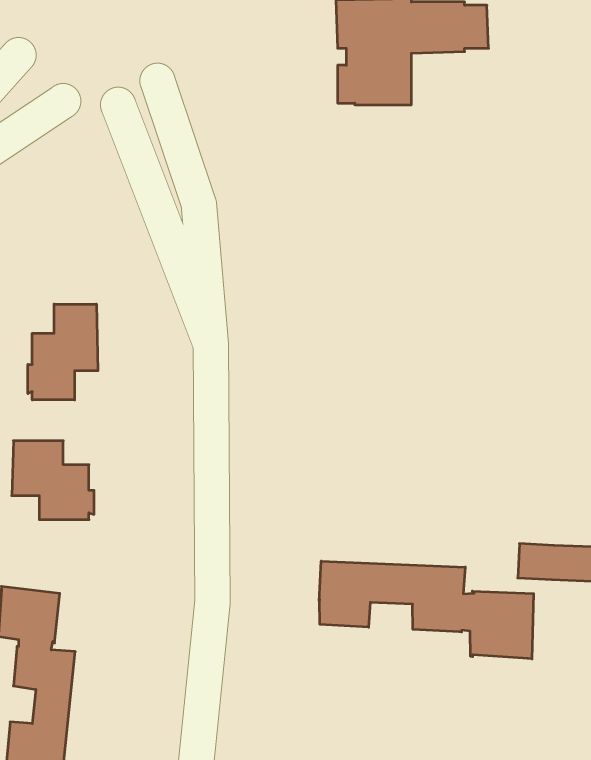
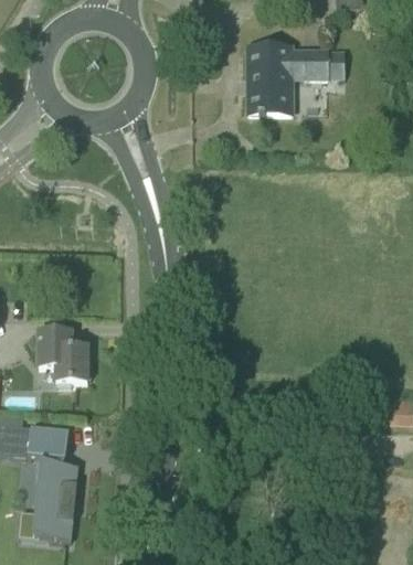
building: [28,304,98,400] -> none
building: [319,561,534,659] -> none

